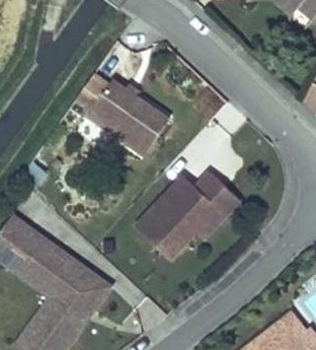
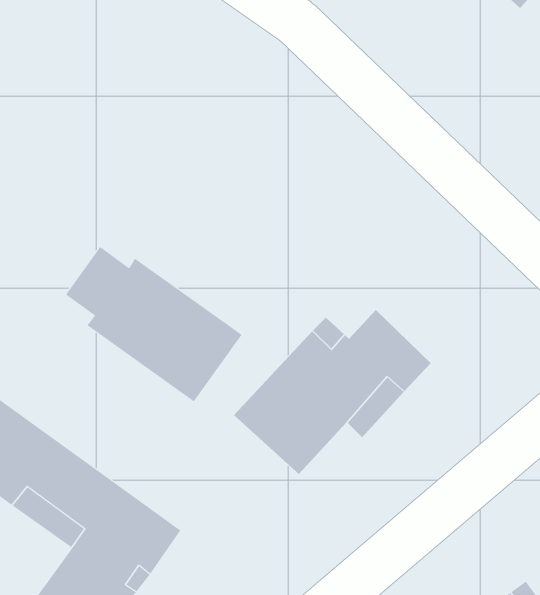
building: [76,72,169,154] -> [65,246,242,402]

